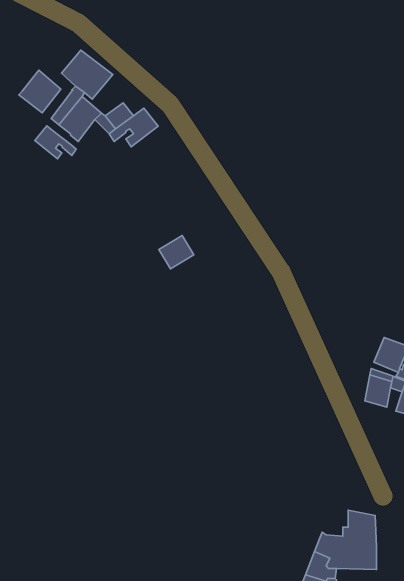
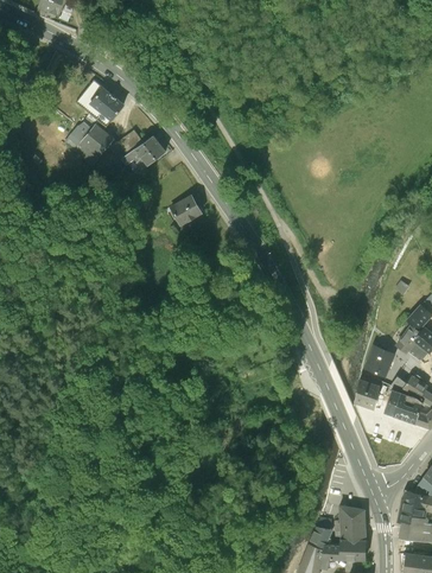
building: [19,70,61,113] -> none
building: [35,126,76,159] -> none
building: [159,235,194,269] -> [171,196,203,227]

